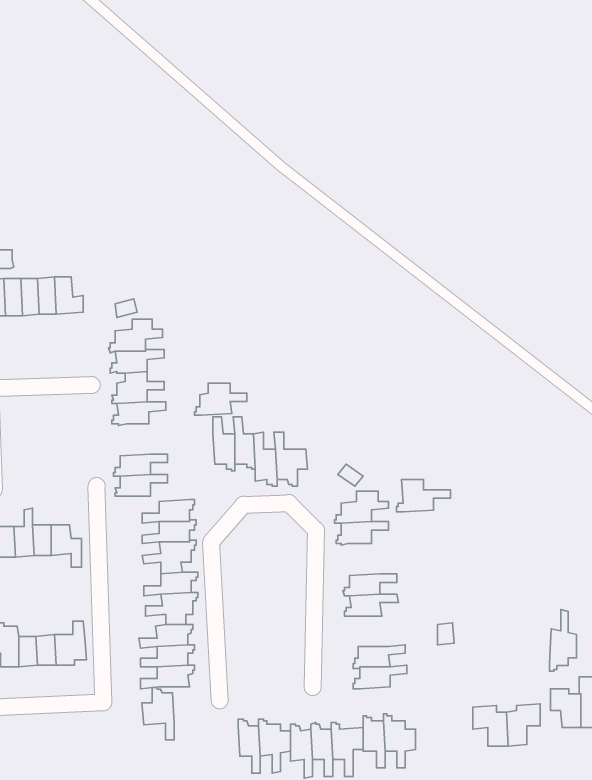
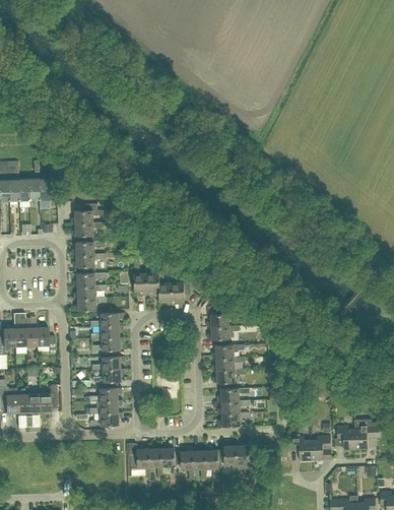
building: [195,383,247,415] -> [73,267,105,286]
building: [396,480,450,512] -> [211,339,244,359]
building: [550,609,577,671] -> none
building: none -> [216,383,249,402]
building: [142,688,174,740] -> [130,446,149,477]

